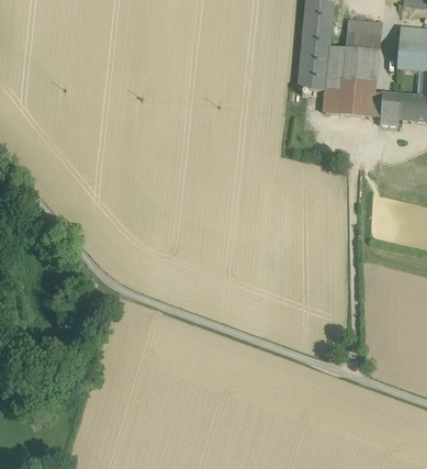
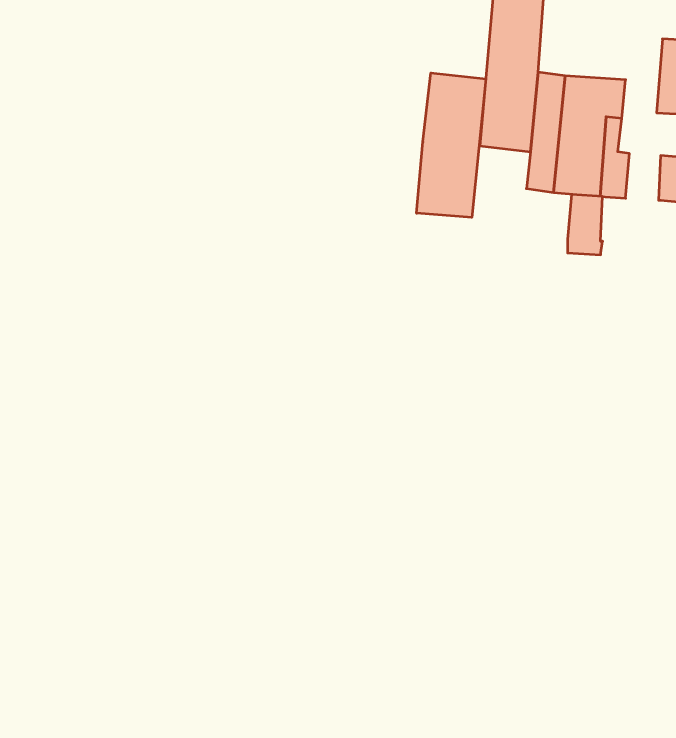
building: [345,18,381,49] -> none
building: none -> [417,73,486,217]
building: [379,91,398,125] -> [568,195,603,255]

